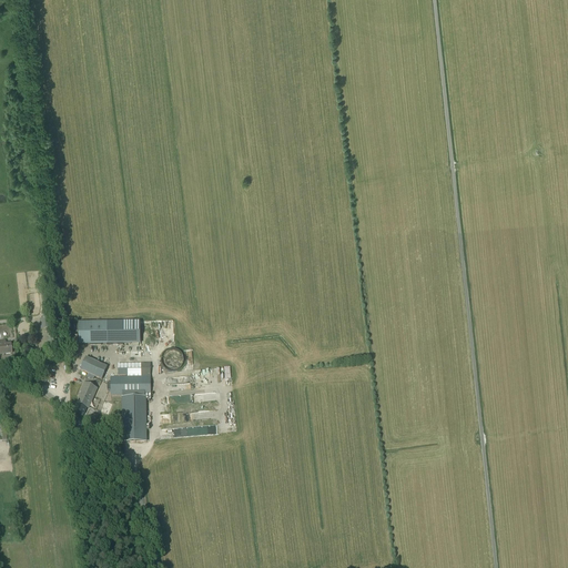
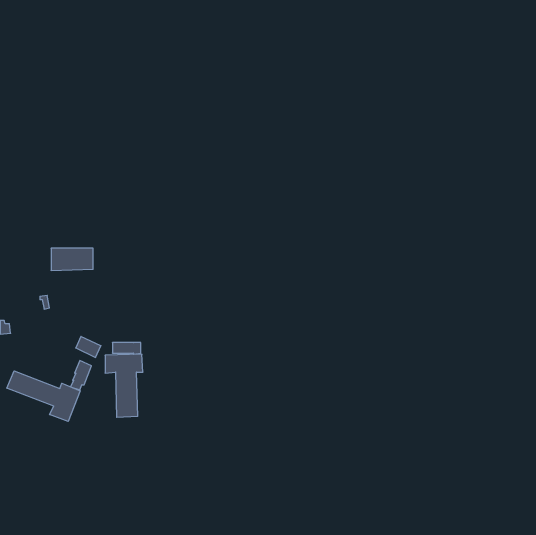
building: [80,321,124,344] -> [51,248,93,270]
building: none -> [7,371,80,421]

